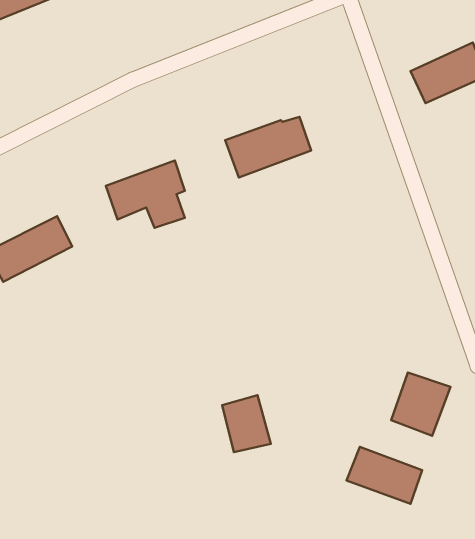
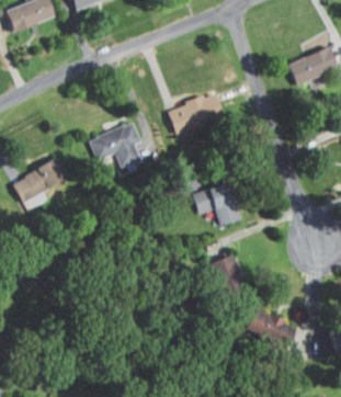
building: none -> [193,182,241,226]
building: [391,372,450,436] -> none
building: [222,395,271,452] -> [212,256,243,293]

